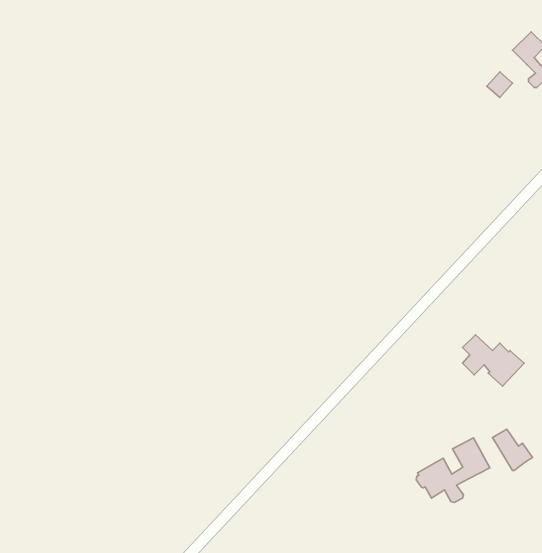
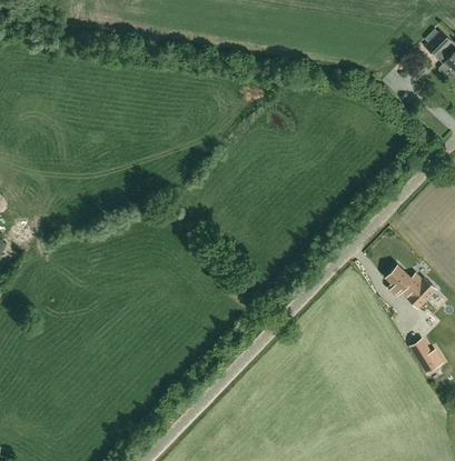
building: [416,438,490,503] -> none

